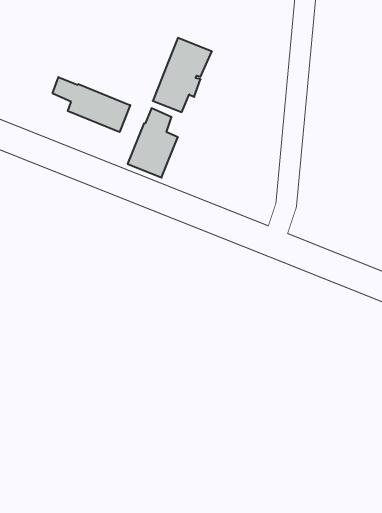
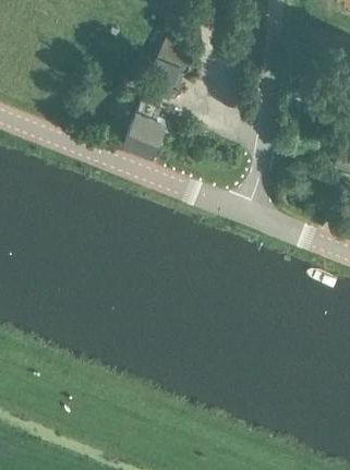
building: [53,77,130,132] -> none

